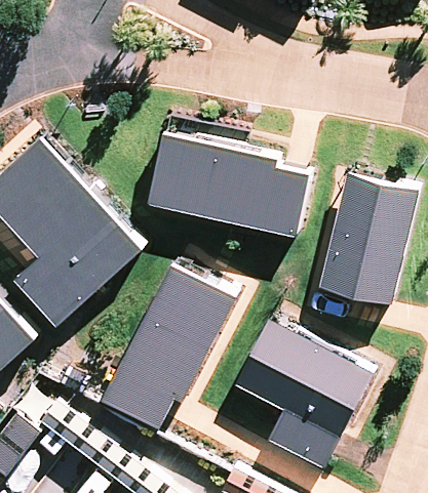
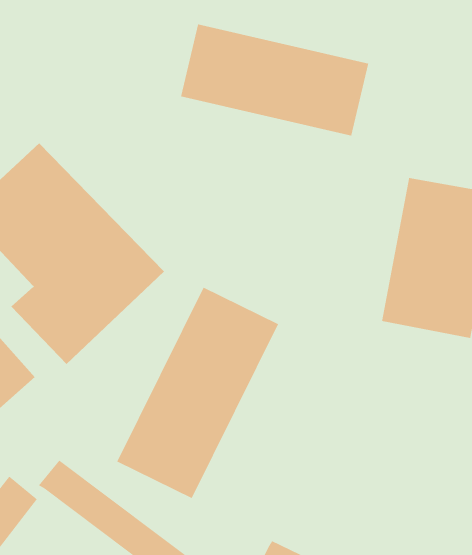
building: [152,142,308,236] -> [180,23,369,137]
building: [233,316,374,463] -> none

